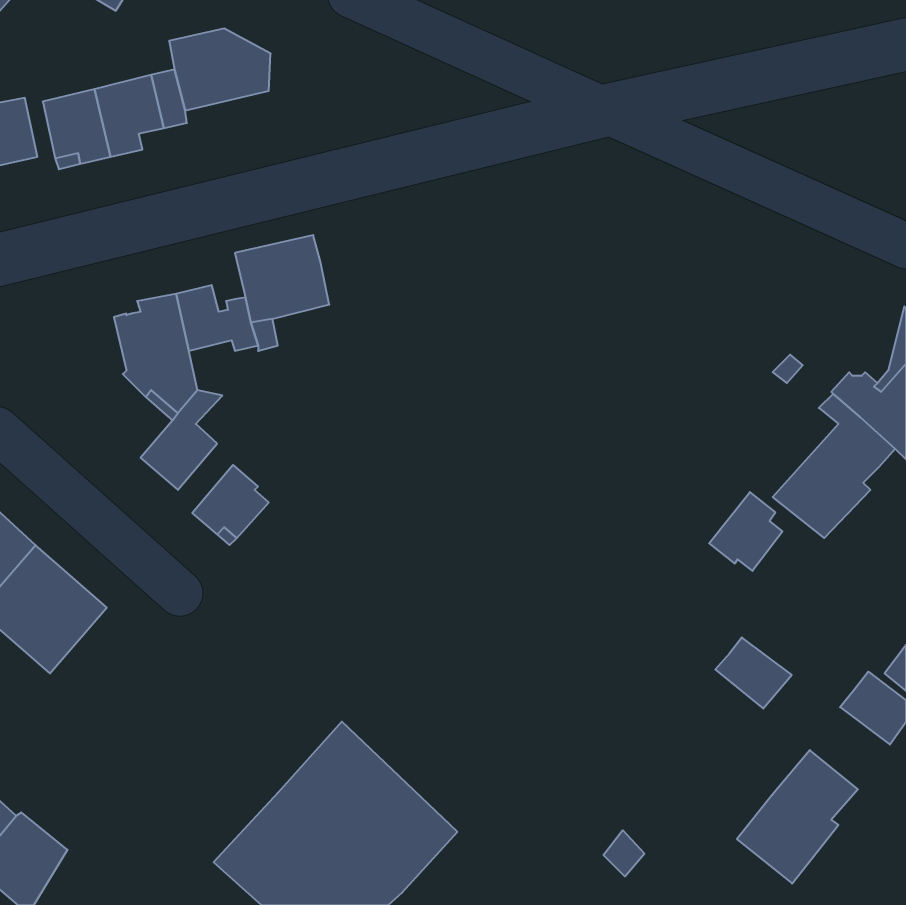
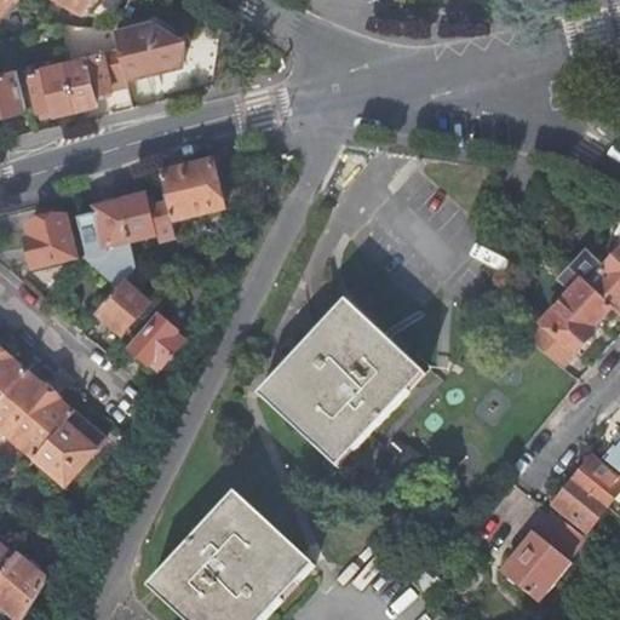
building: none -> [25,216,75,265]
building: none -> [258,303,423,469]
building: [709,492,782,571] -> none
building: none -> [35,413,103,483]
building: [715,637,792,709] -> [553,481,605,529]

